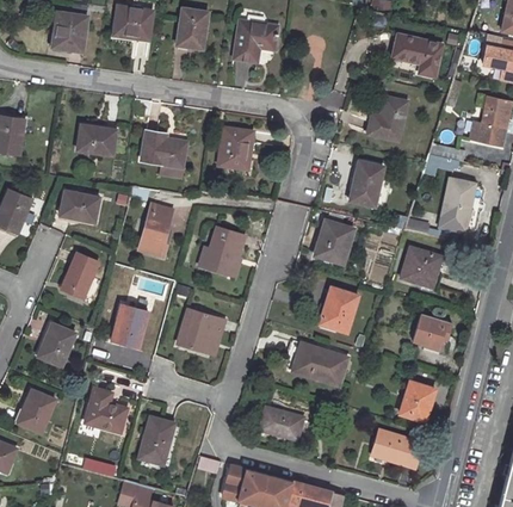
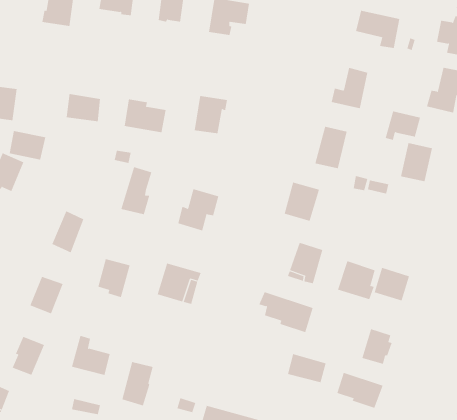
building: [60,190,100,222] -> [9,131,46,160]
building: [400,246,441,289] -> [337,260,375,300]
building: [260,407,303,439] -> [287,353,327,383]

